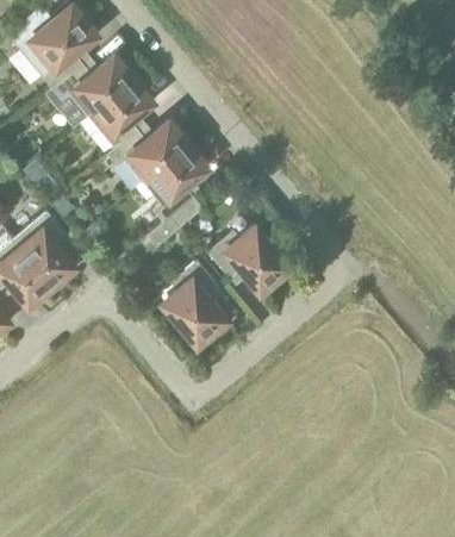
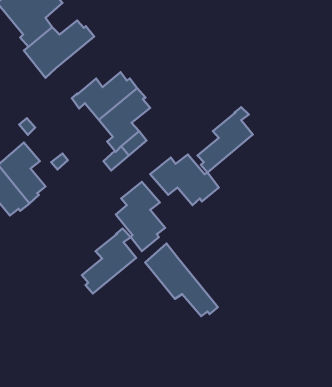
building: [89,75,154,149] -> none
building: none -> [198,107,253,172]
building: none -> [82,229,136,293]
building: none -> [145,244,218,316]

